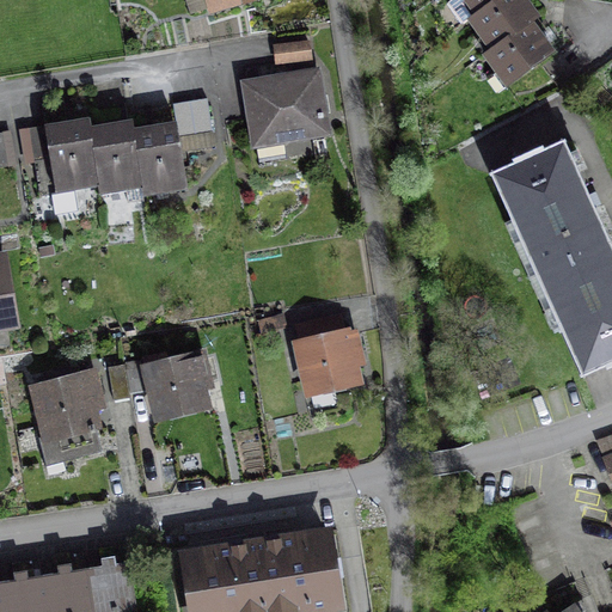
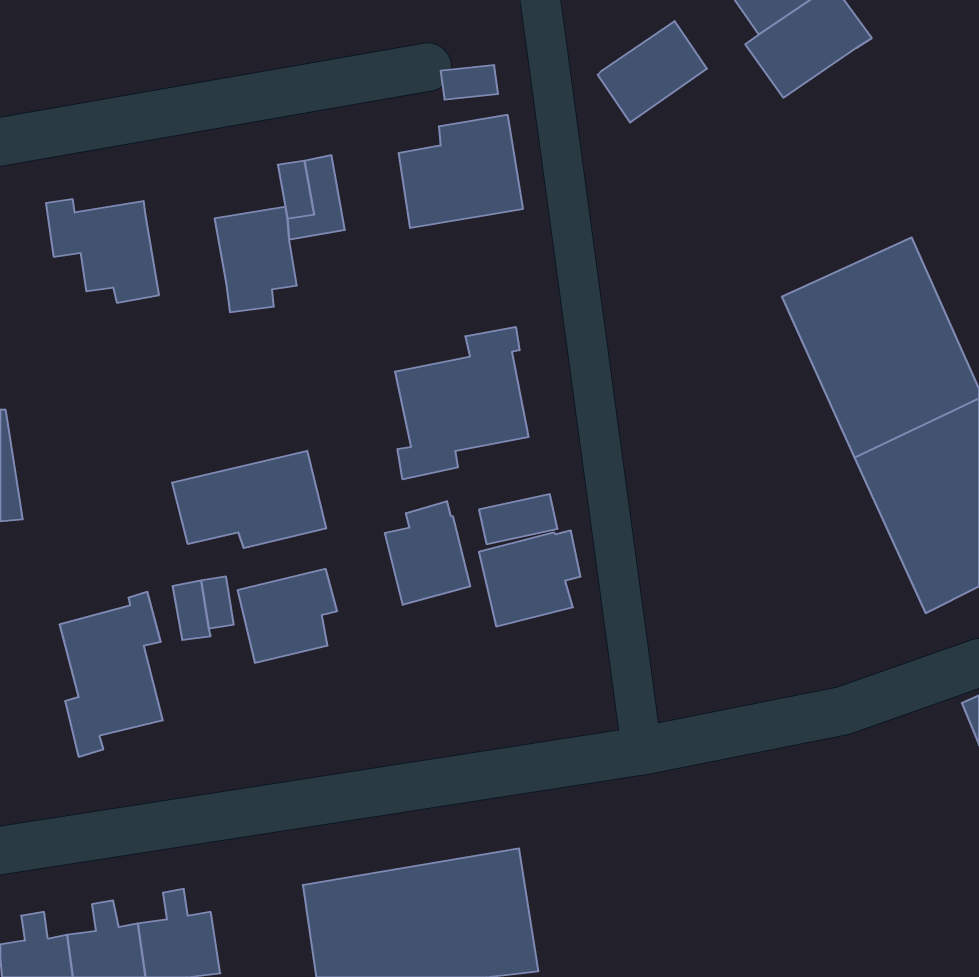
building: [486,30,555,93] -> [598,21,707,123]
building: [91,122,141,194] -> none
building: none -> [395,327,528,479]
building: none -> [172,451,326,548]
building: none -> [385,501,470,605]

